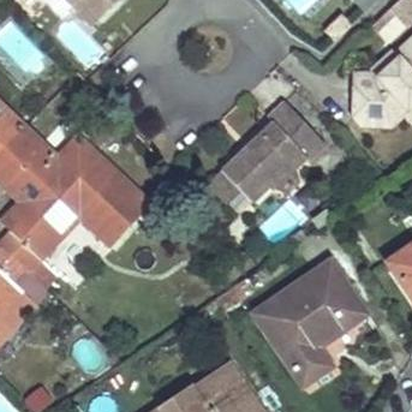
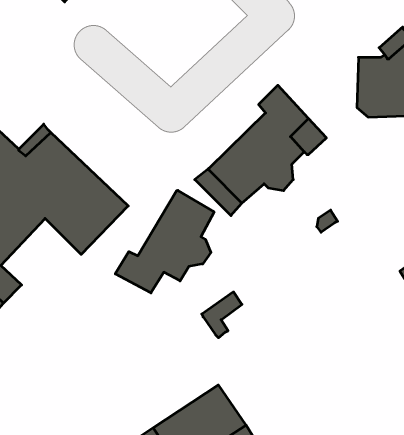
building: none -> [115,190,214,293]
building: [255,261,364,382] -> none

